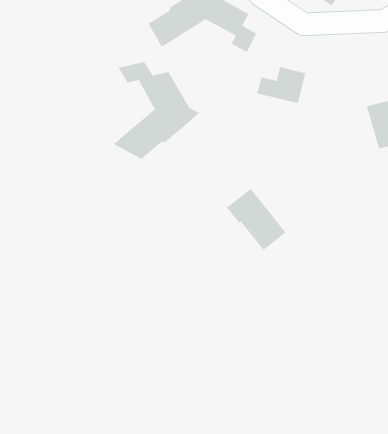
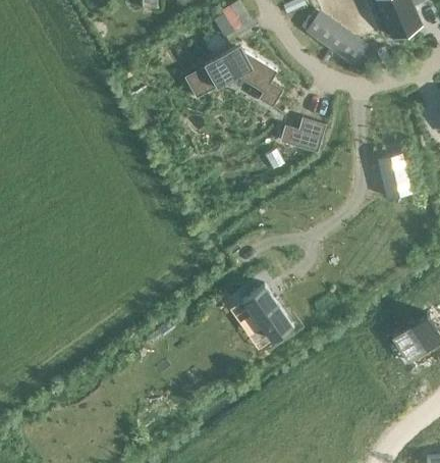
building: [113,61,200,160] -> none
building: [226,188,286,251] -> [239,286,292,343]

